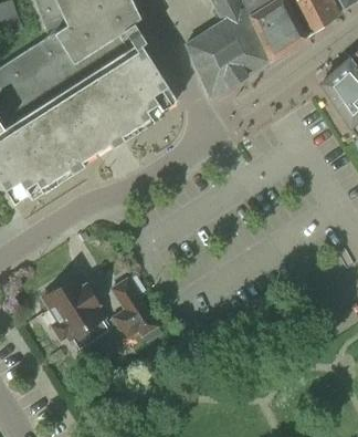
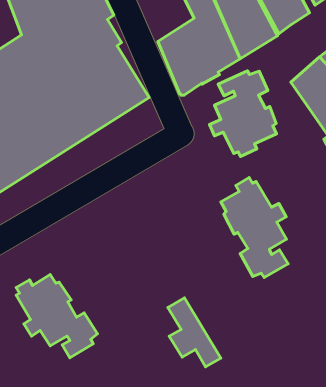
building: none -> [210,71,277,157]
building: none -> [221,177,288,278]
building: [112,278,165,347] -> [168,298,221,367]

